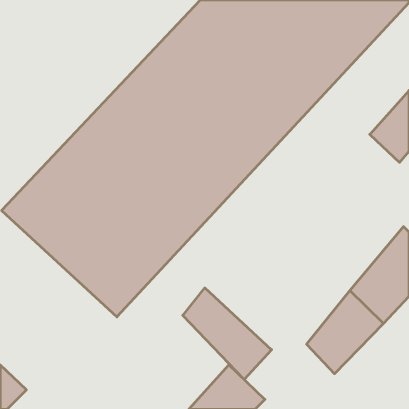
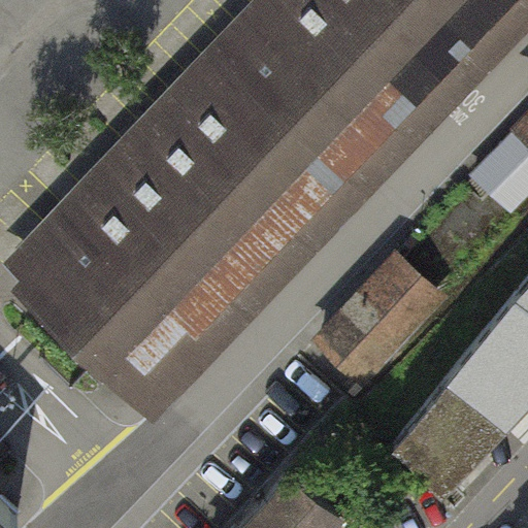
building: none -> [324,254,439,372]
building: [183,288,272,380] -> none

